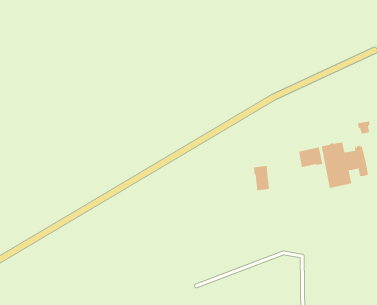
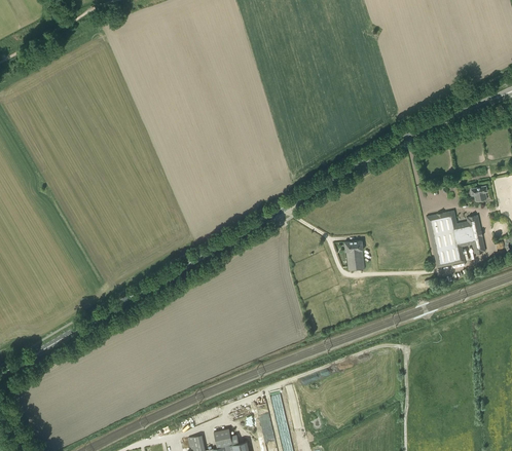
building: [298,147,323,168] -> none

